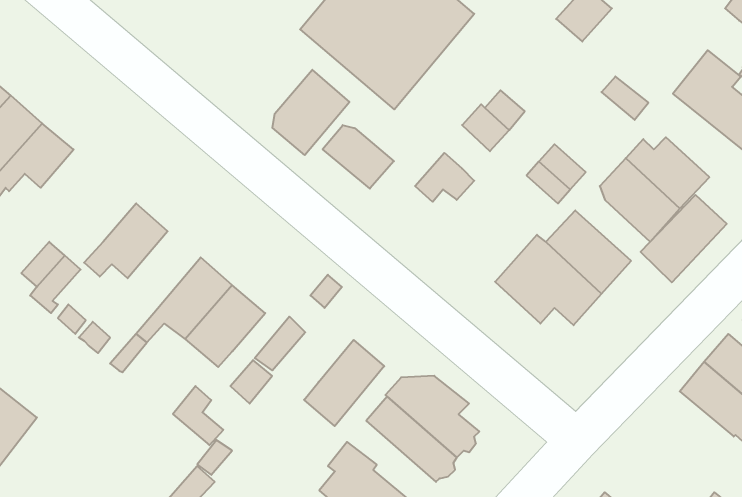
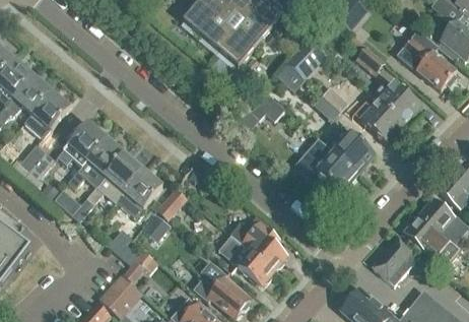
building: [272,70,349,155] -> none
building: [323,125,394,189] -> none
building: none -> [22,89,69,138]
building: [641,195,727,282] -> none
building: none -> [67,137,124,187]
building: [304,340,384,426] -> none
building: none -> [374,237,419,283]

